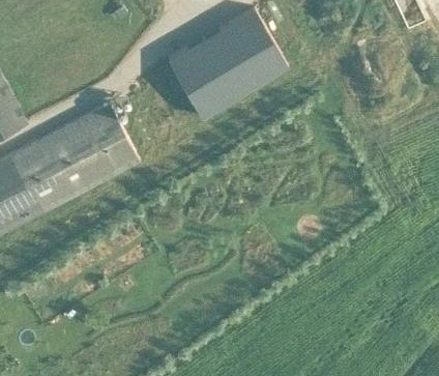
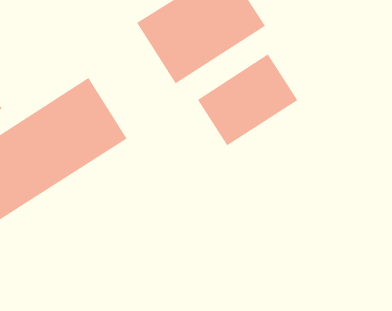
building: none -> [197,53,298,146]

